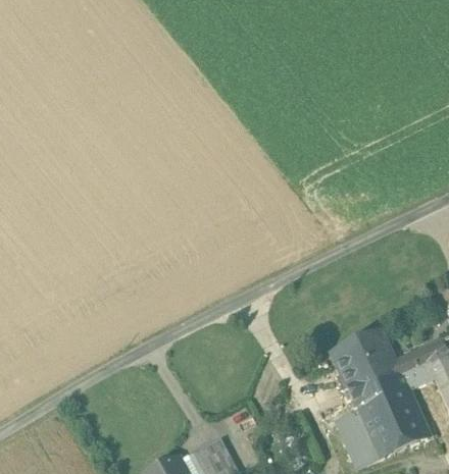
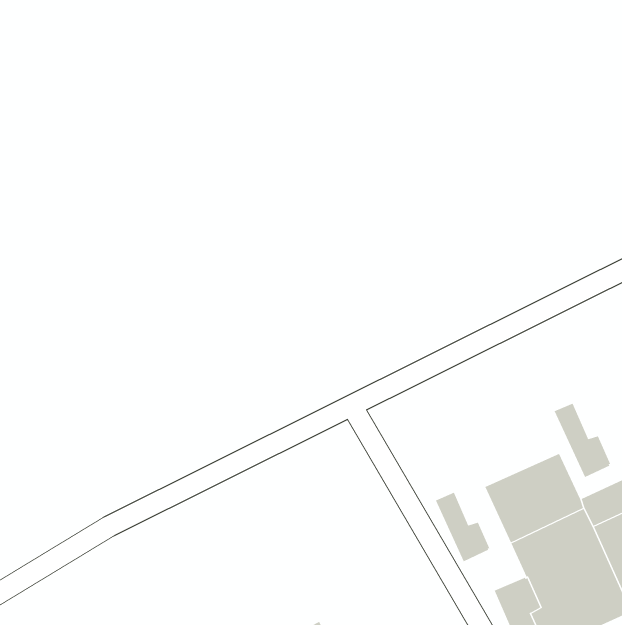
building: none -> [554,403,611,478]
building: none -> [435,492,490,562]

